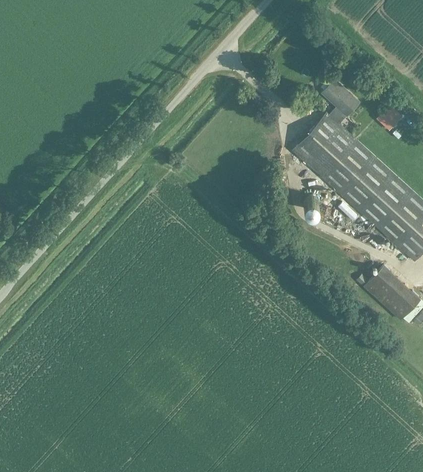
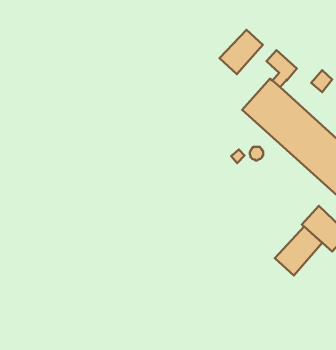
building: none -> [220,30,263,74]
building: none -> [275,226,322,275]

